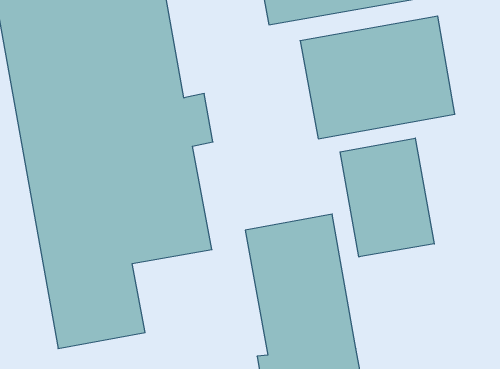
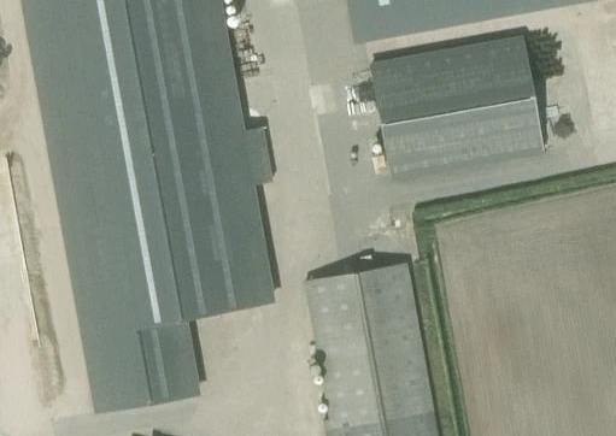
building: [340,138,434,257] -> none

